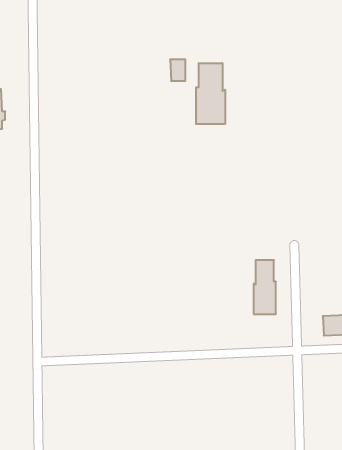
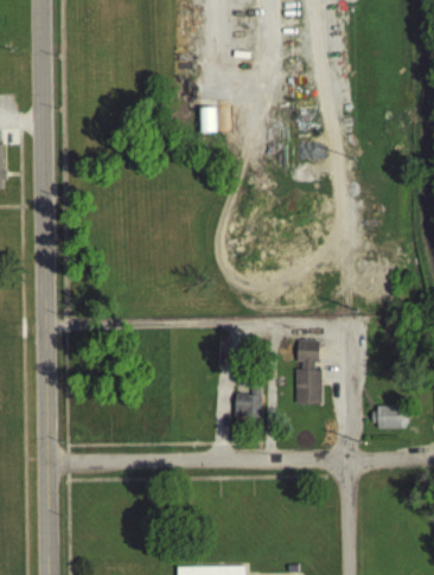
building: [196,63,225,124] -> none
building: none -> [235,389,262,420]

